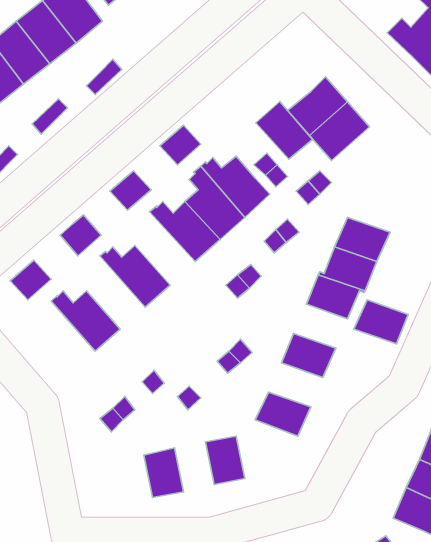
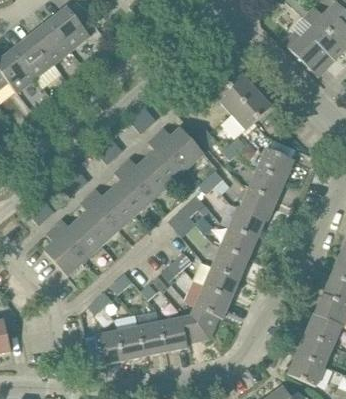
building: [256,102,313,159] -> none
building: none -> [256,148,293,179]
building: none -> [111,165,152,215]
building: none -> [78,195,118,245]
building: [354,300,408,344] -> [219,228,256,258]
building: none -> [43,226,84,276]
building: none -> [202,268,239,298]
building: none -> [180,307,222,347]
building: none -> [138,322,165,356]
building: none -> [95,331,123,365]

